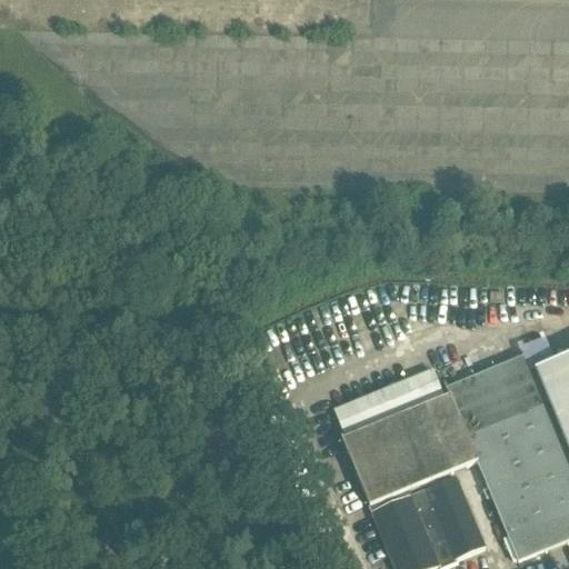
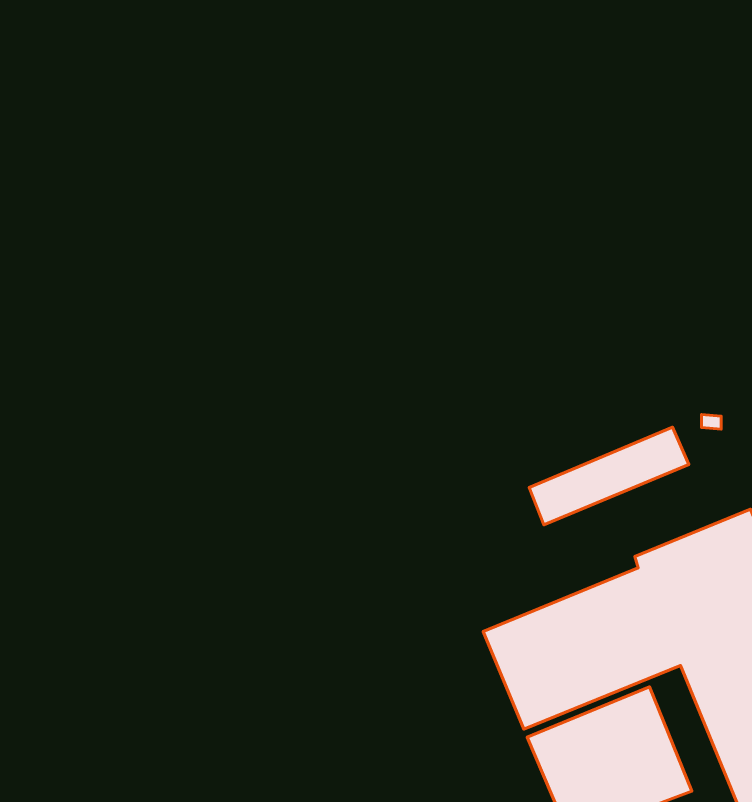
building: [336,368,445,435] -> [529,427,689,525]

